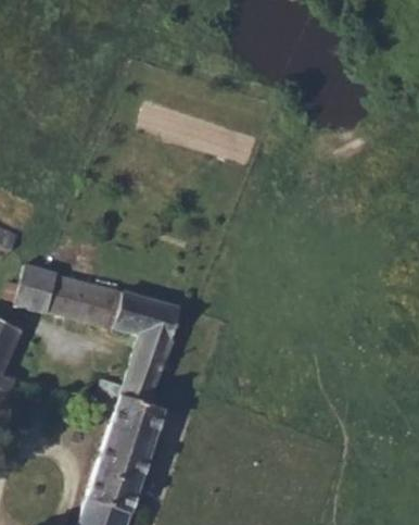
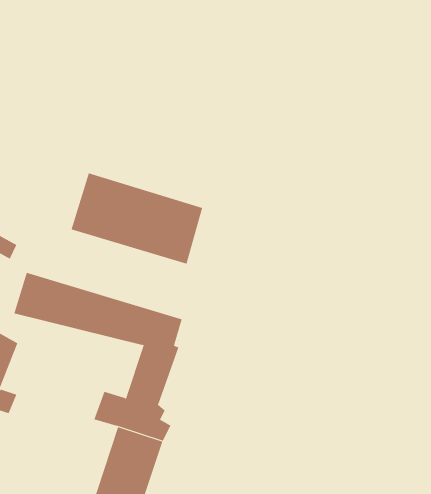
building: none -> [71,172,203,265]

